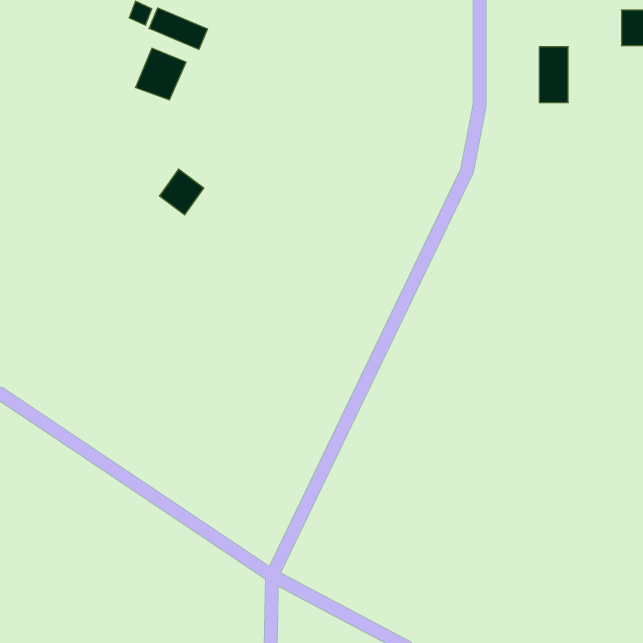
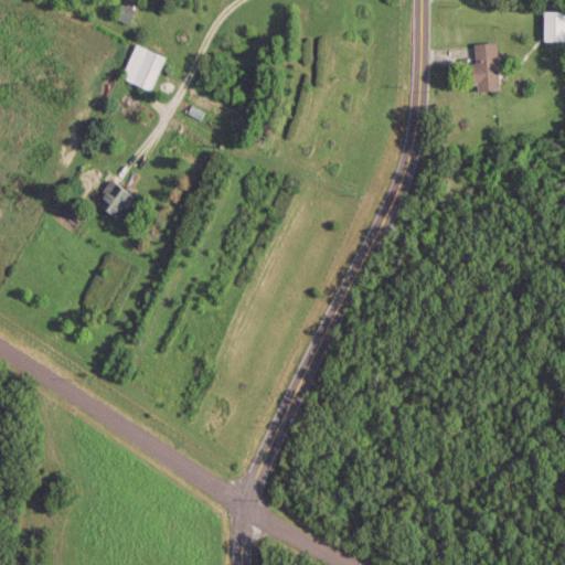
building: [149,8,207,49] -> none
building: [159,169,204,215] -> [96,181,135,221]

